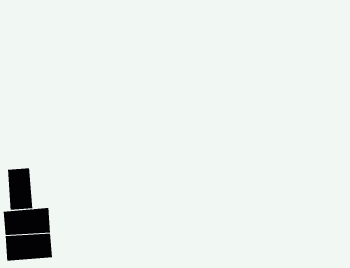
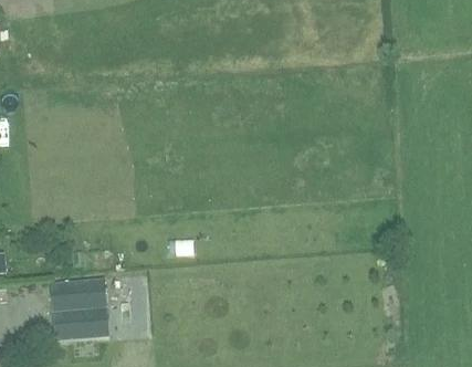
building: [7,167,33,211] -> none

